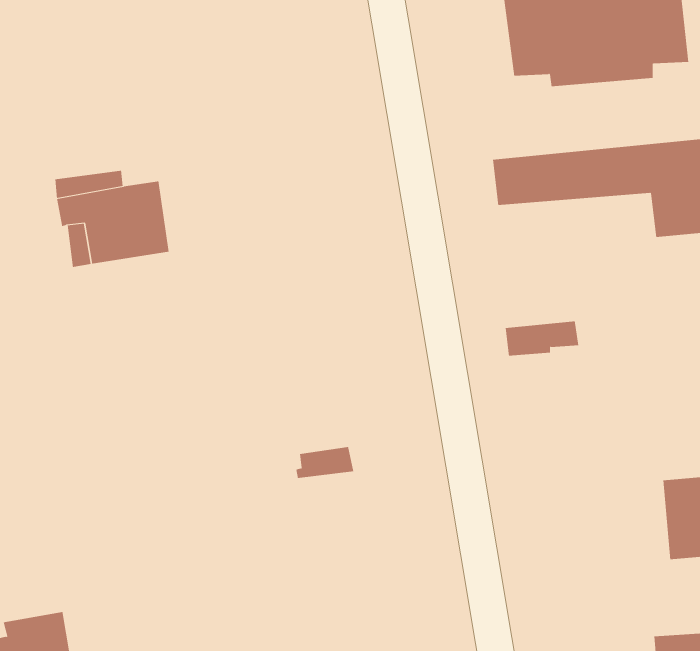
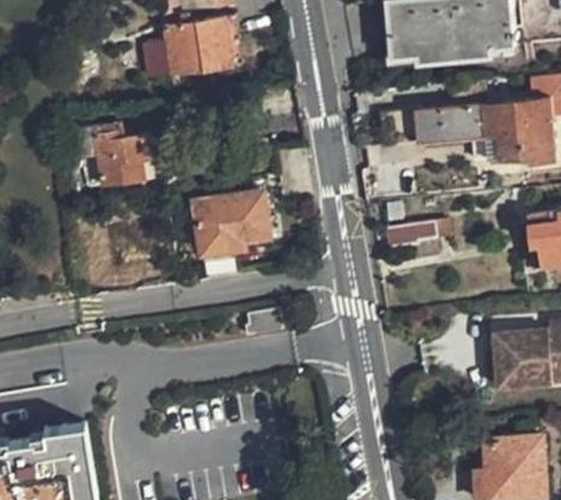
building: none -> [164,17,231,73]
building: none -> [194,189,273,253]

